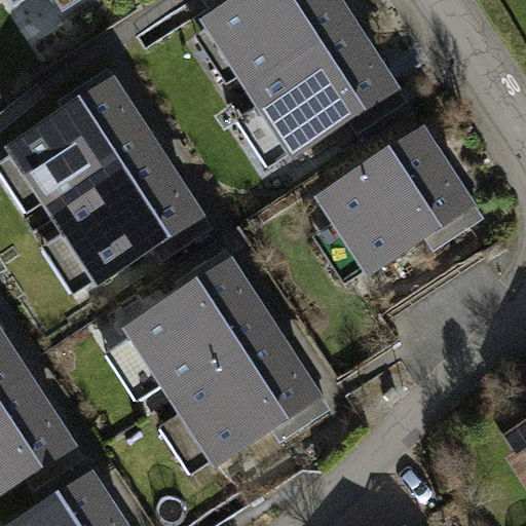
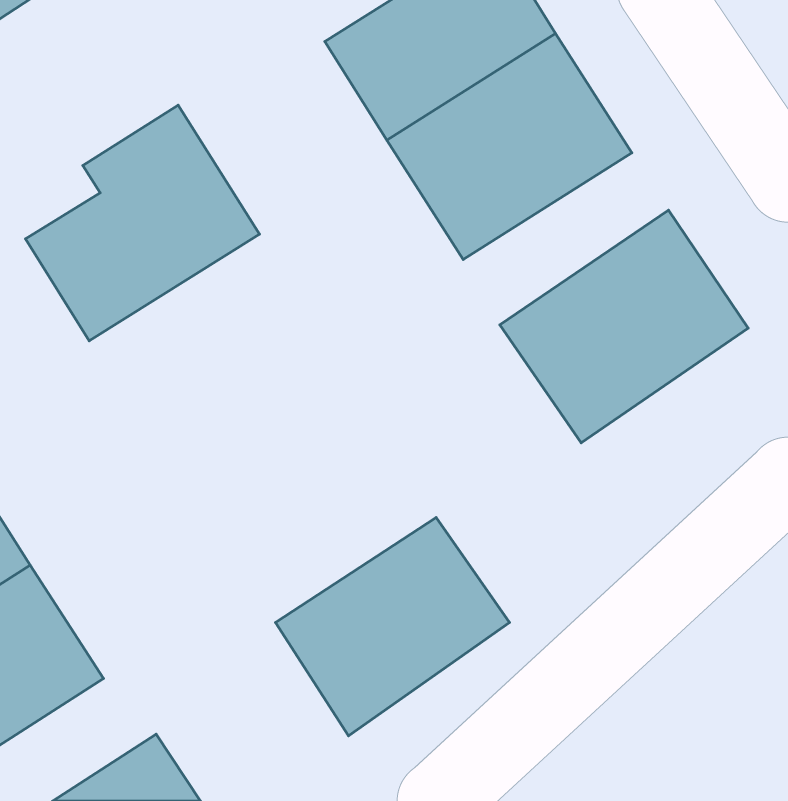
building: [58,151,212,291] -> none
building: [120,248,281,402] -> none

